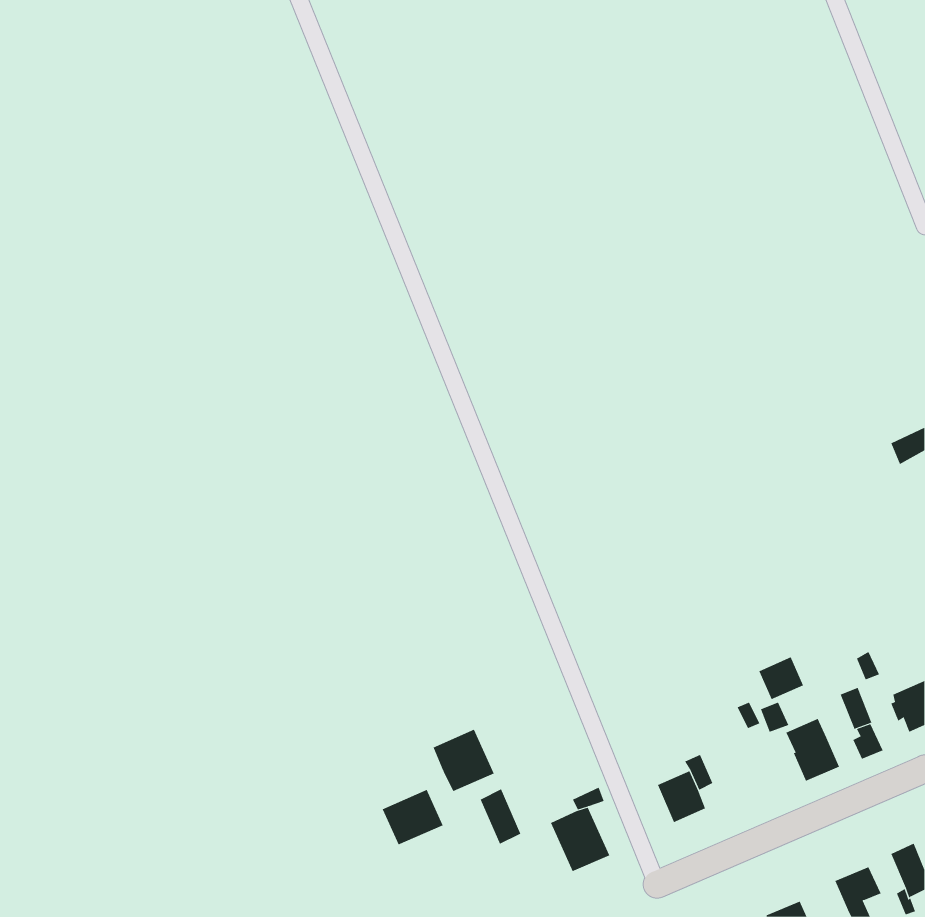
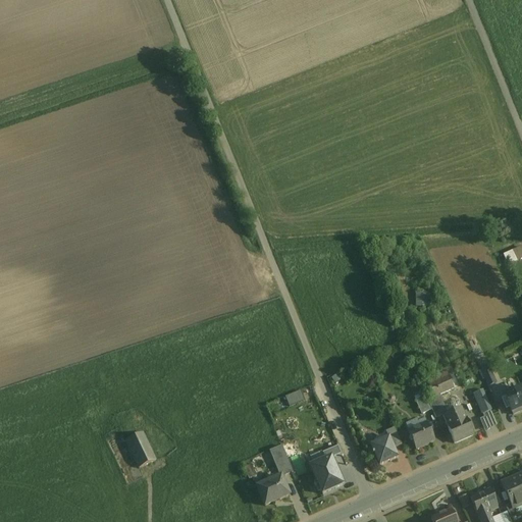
building: [433,729,495,792] -> none
building: none -> [408,421,433,448]
building: none -> [125,430,155,466]
building: [382,789,443,845] -> [257,476,292,508]

